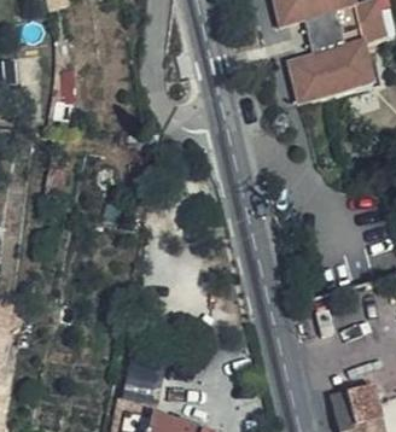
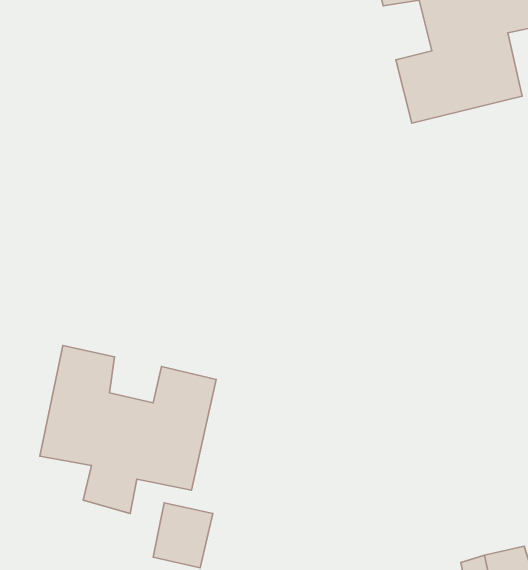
building: none -> [40,346,216,513]

